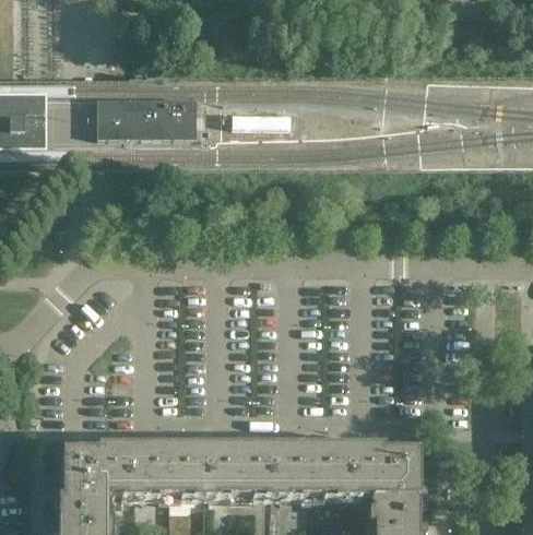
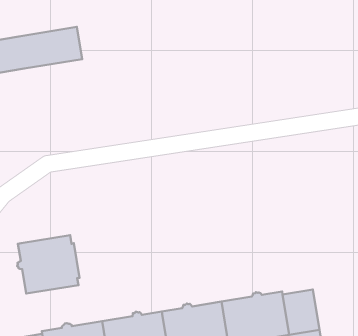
building: none -> [17,235,79,294]

